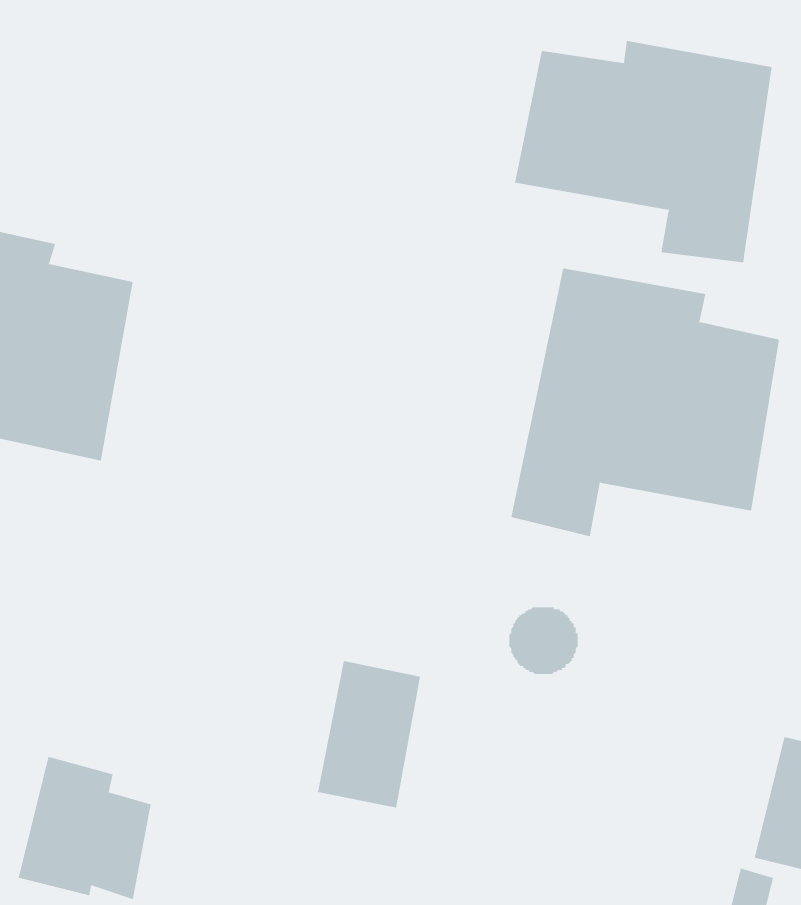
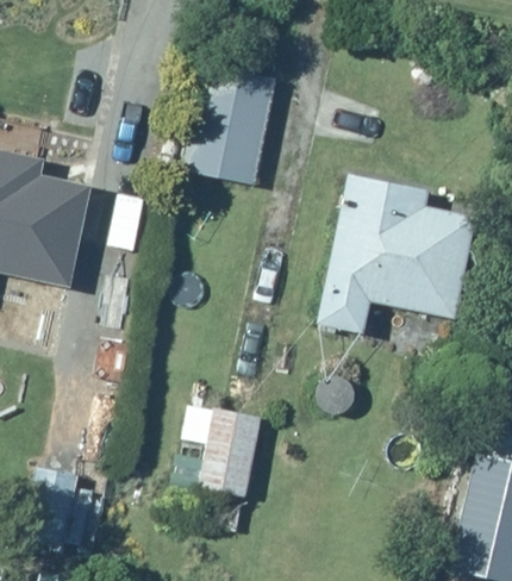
building: [514,40,772,263] -> none
building: none -> [183,65,277,187]

